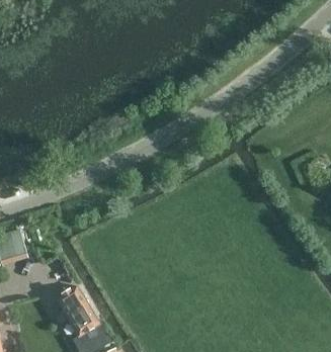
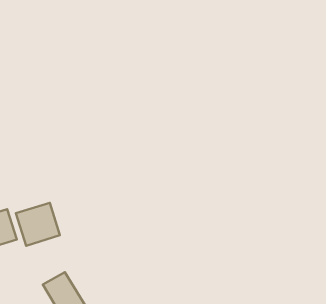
building: none -> [16,203,60,246]

